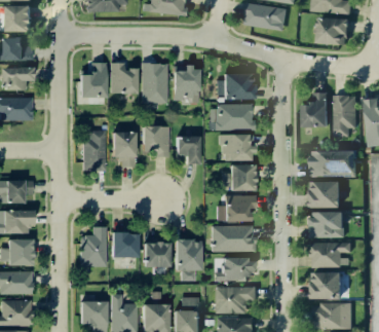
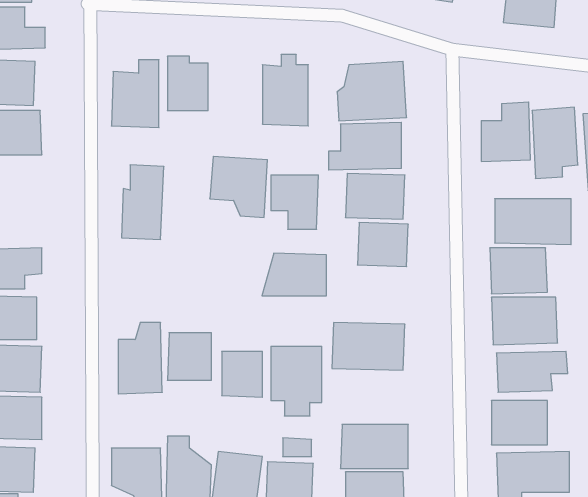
building: [141,64,167,105] -> none
building: [109,130,134,170] -> none
building: [218,195,257,221] -> [262,253,326,296]
building: [213,258,254,285] -> none

